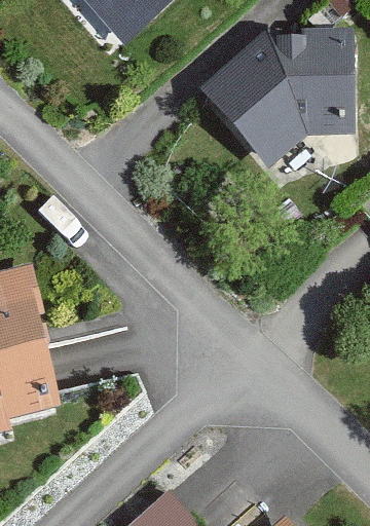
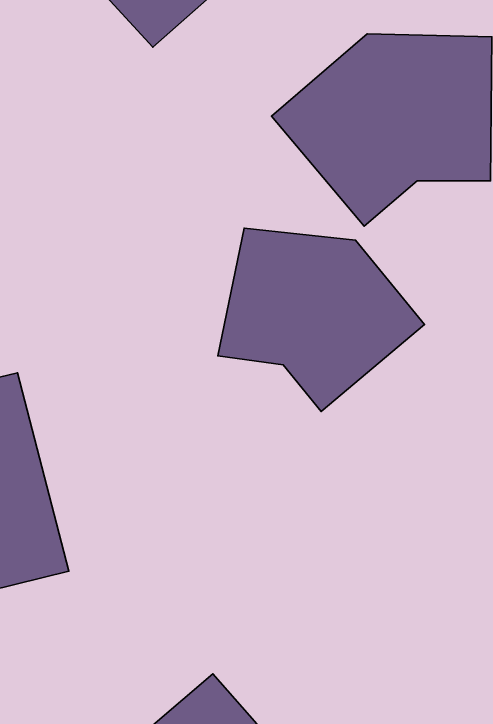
building: none -> [218,228,425,411]

